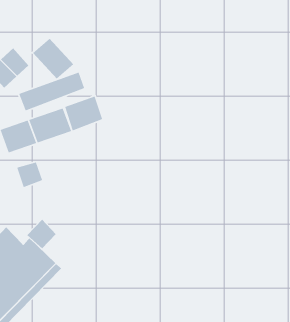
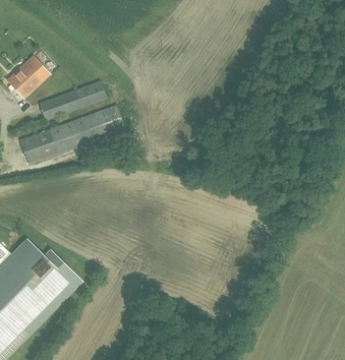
building: [32,38,74,79] -> none
building: [16,161,43,188] -> none
building: [27,219,56,249] -> none

